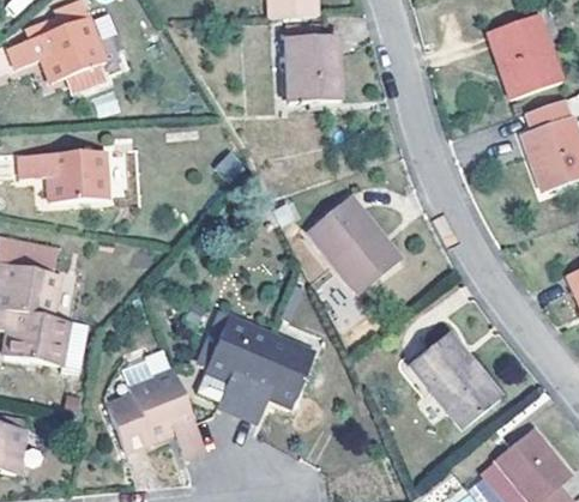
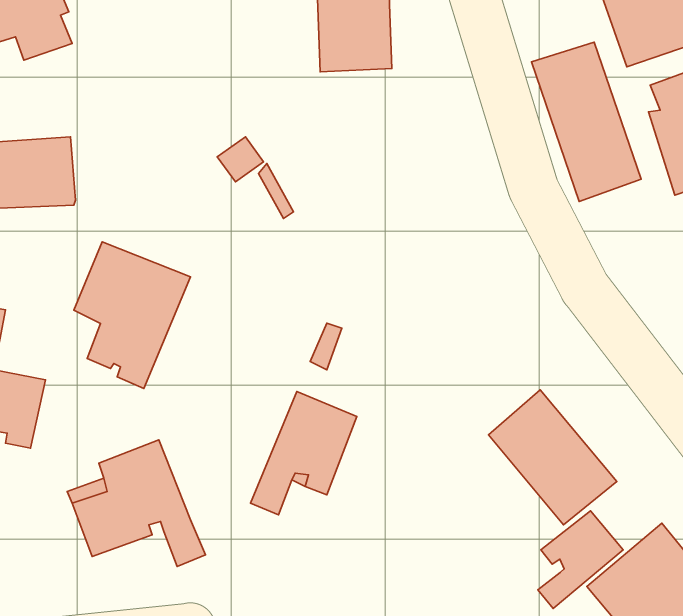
building: none -> [532,42,641,202]
building: [307,195,400,294] -> none
building: [187,308,271,413] -> [74,242,191,389]
building: none -> [538,511,623,608]

